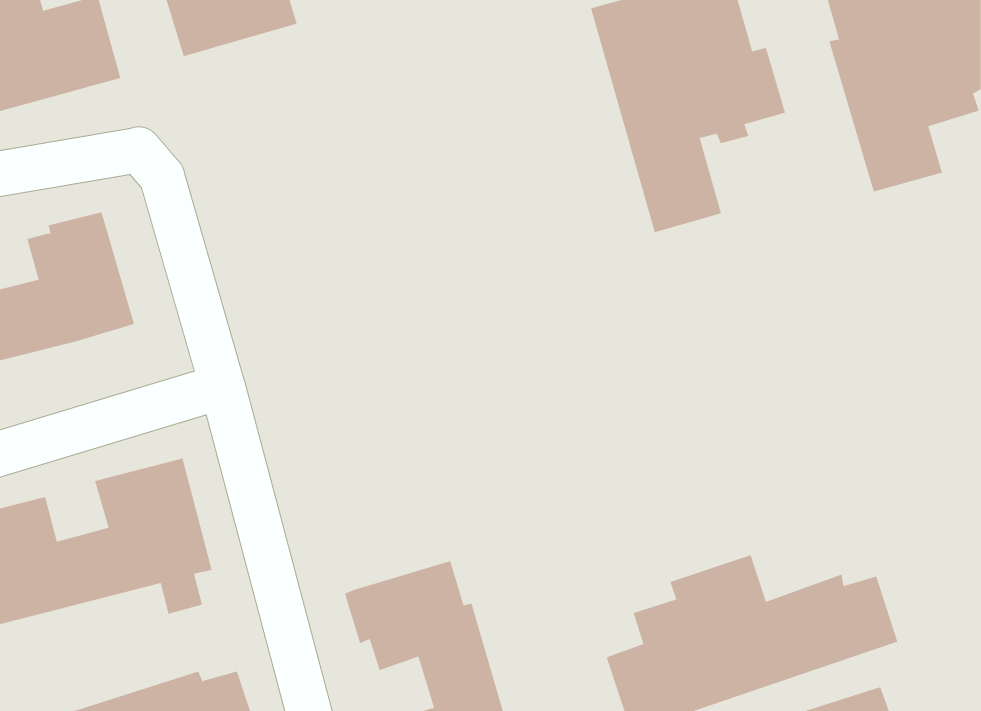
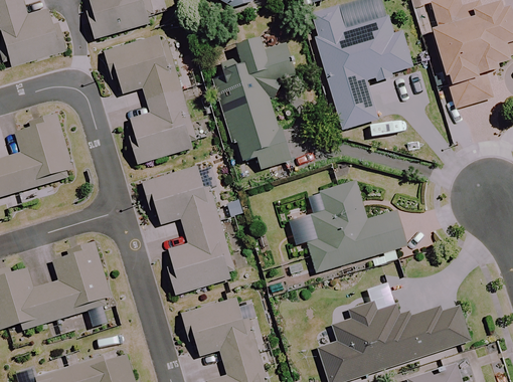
building: none -> [106,35,208,163]
building: none -> [213,38,295,170]
building: none -> [142,166,234,293]
building: none -> [289,182,407,270]

